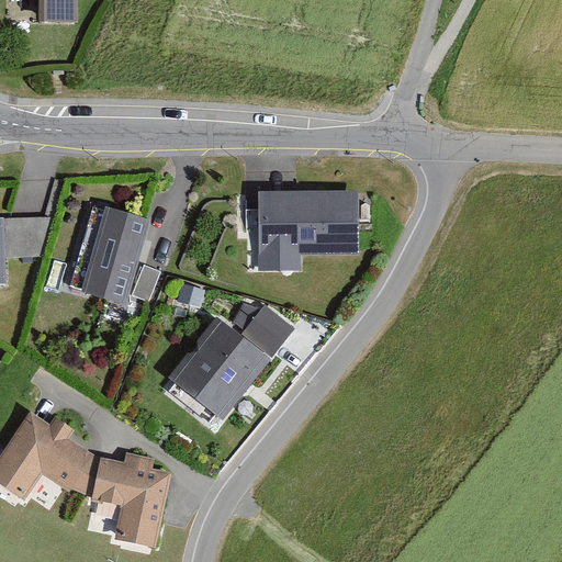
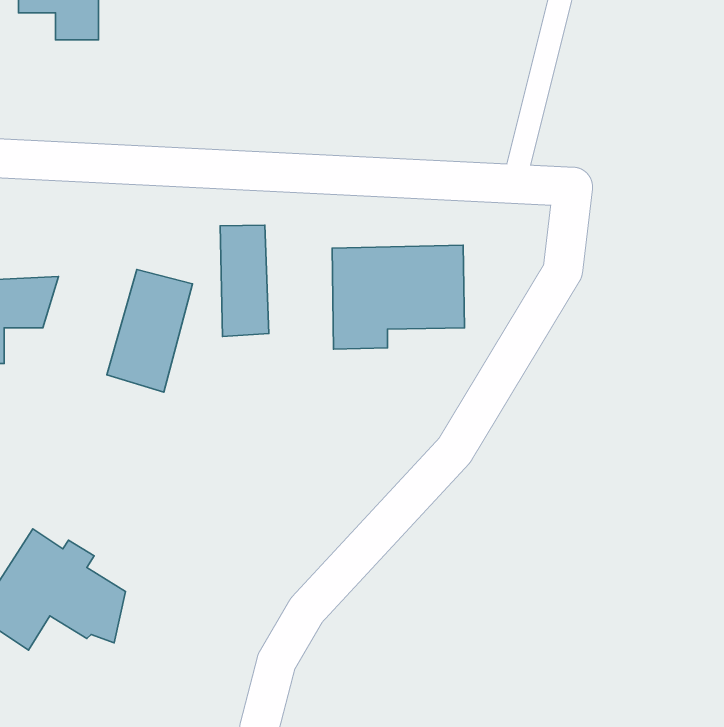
building: none -> [220,225,269,337]
building: [167,306,288,422] -> none
building: [87,452,169,547] -> none

